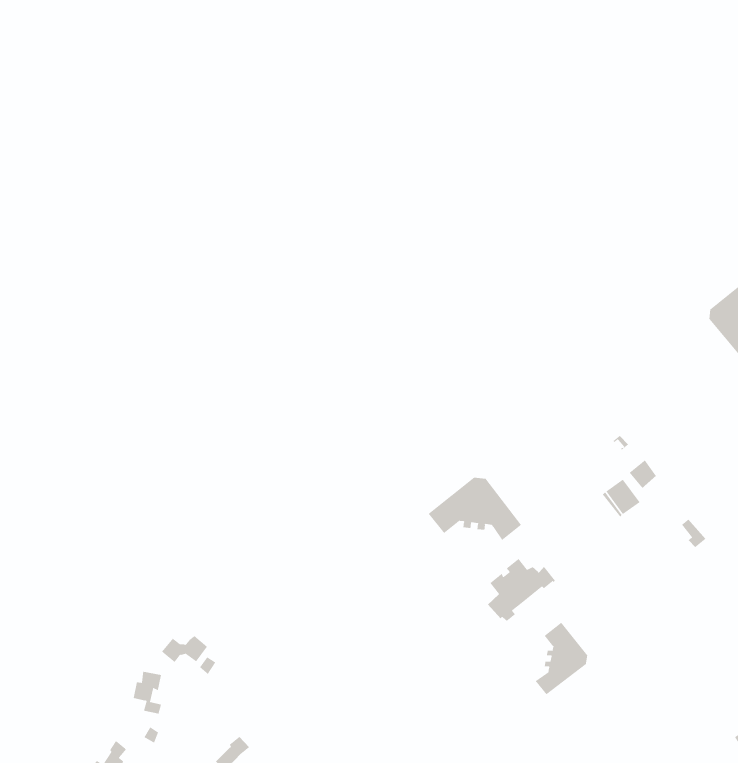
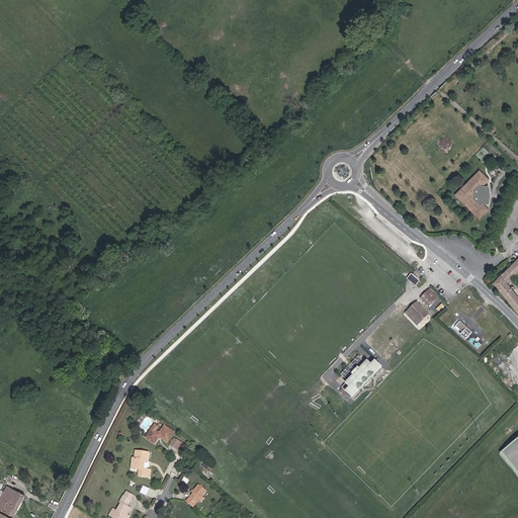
building: [428,477,522,541] -> none
building: [535,622,588,695] -> none

